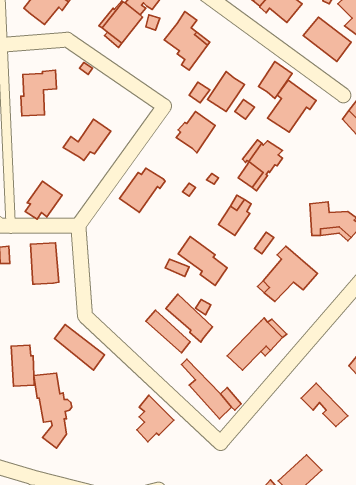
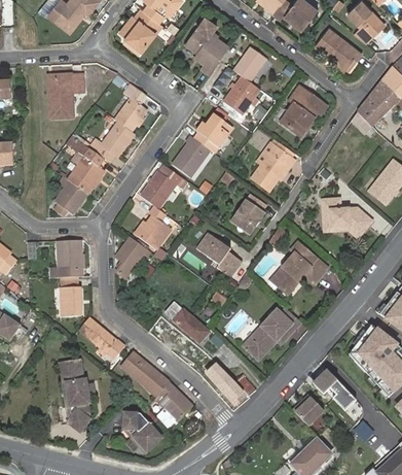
building: [259,62,292,98] -> [232,46,264,81]
building: none -> [113,84,144,130]
building: none -> [171,136,209,176]
building: none -> [65,142,103,193]
building: none -> [142,208,176,251]
building: none -> [115,236,151,277]
building: [166,294,213,342] -> [123,351,168,397]
building: [11,345,34,386] -> [60,276,81,315]
building: none -> [292,395,323,426]
building: none -> [122,412,161,451]

